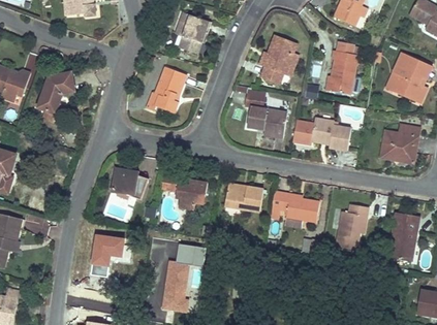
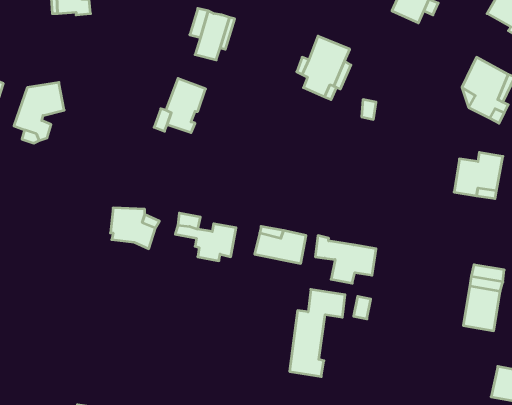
building: [326,41,363,95] -> none
building: [246,91,286,136] -> none
building: [289,118,349,149] -> none
building: [340,204,371,248] -> none
building: [93,235,125,266] -> none
building: [163,245,207,313] -> [290,289,345,377]

